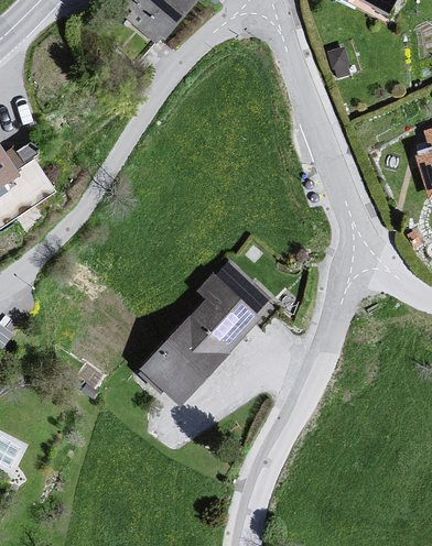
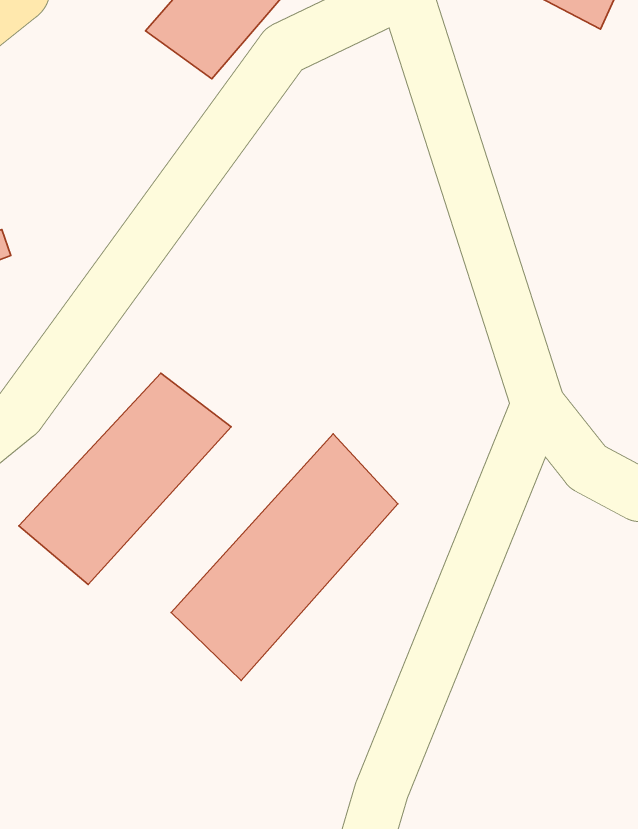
building: none -> [19,373,231,584]

